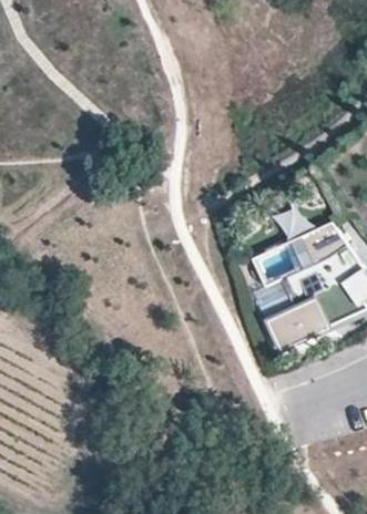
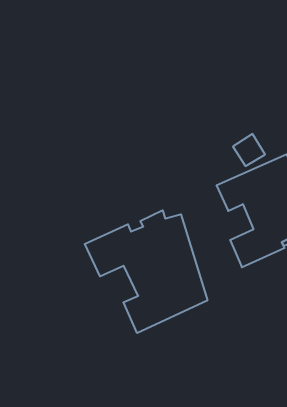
building: none -> [85,210,207,333]

